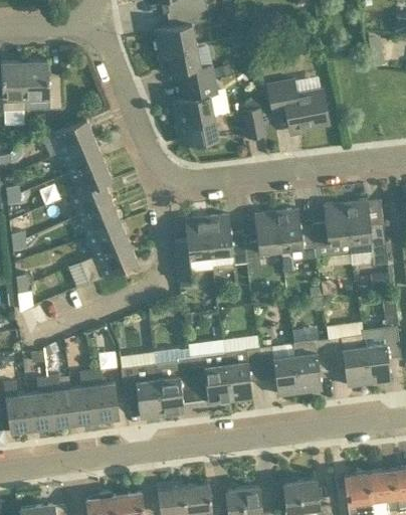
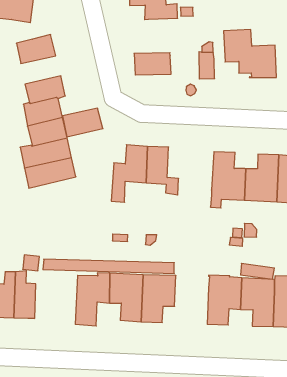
building: [173,79,220,124] -> none
building: [60,140,105,175] -> [63,108,103,137]
building: [245,212,281,272] -> none
building: [259,343,300,396] -> none
building: [122,365,163,419] -> none

